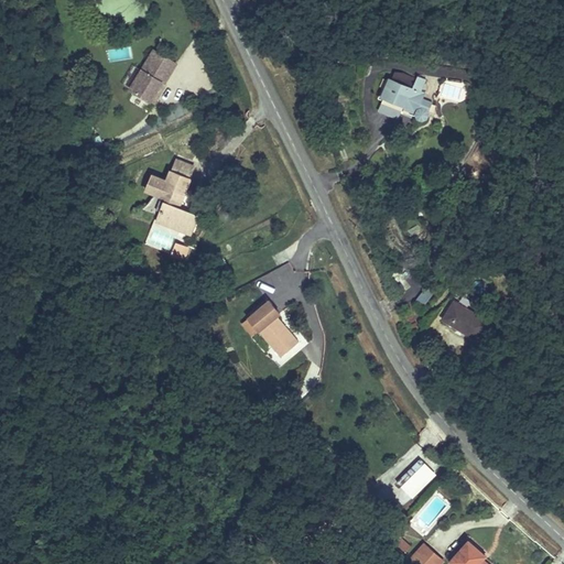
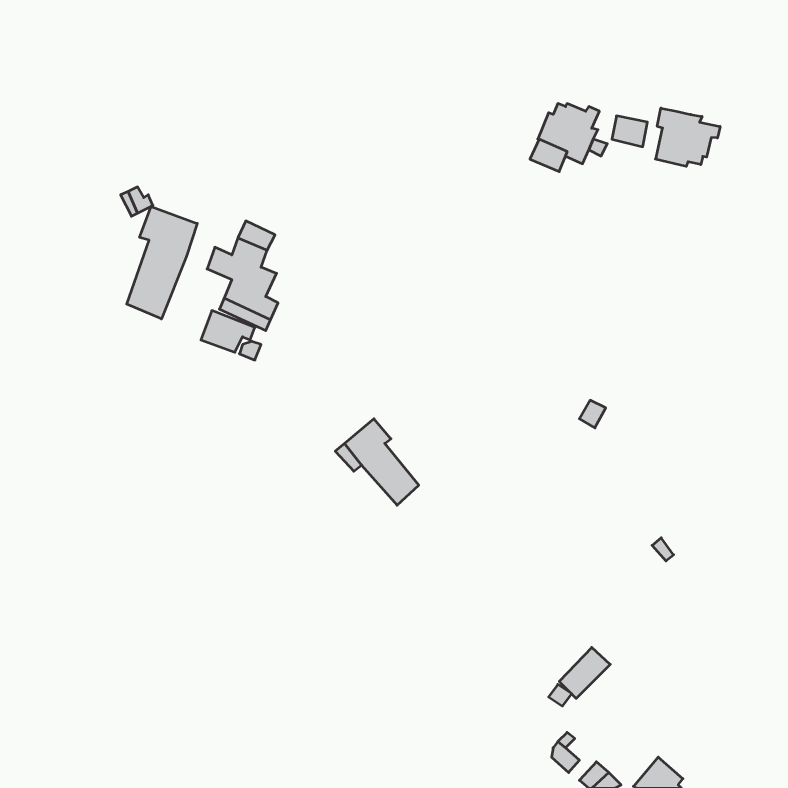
building: [126,47,176,104] -> none
building: none -> [655,108,720,166]
building: none -> [127,206,197,319]
building: [443,303,485,340] -> none

